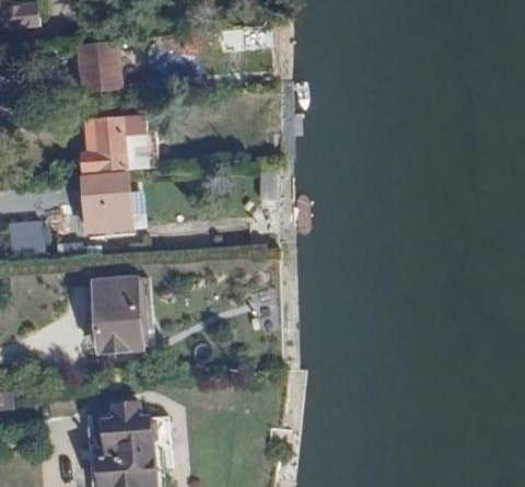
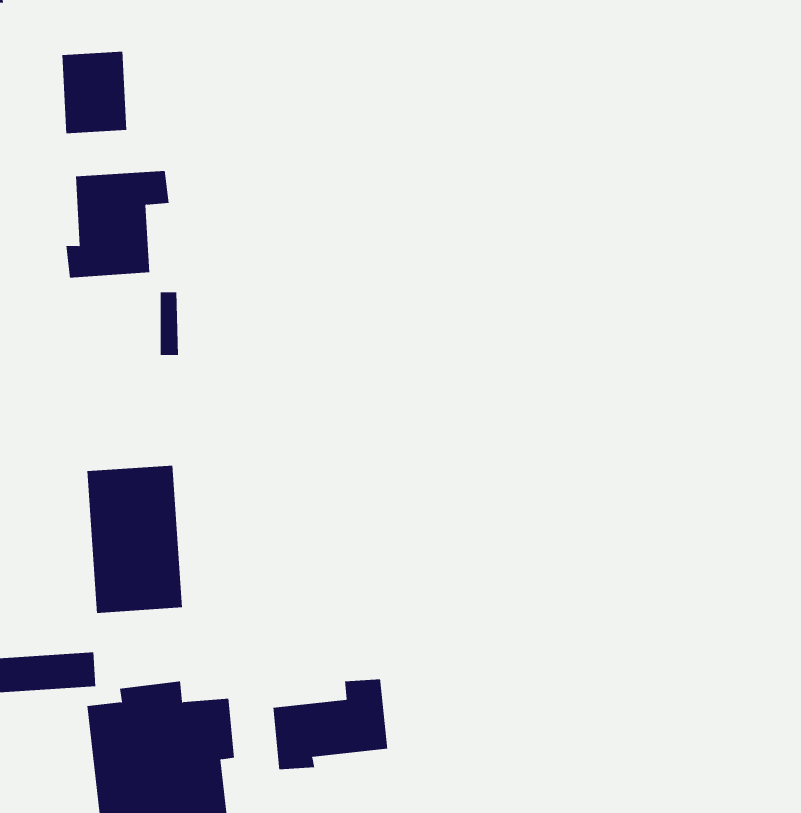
building: [81,176,130,234] -> none
building: none -> [273,679,388,770]

